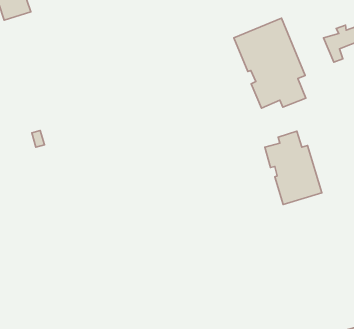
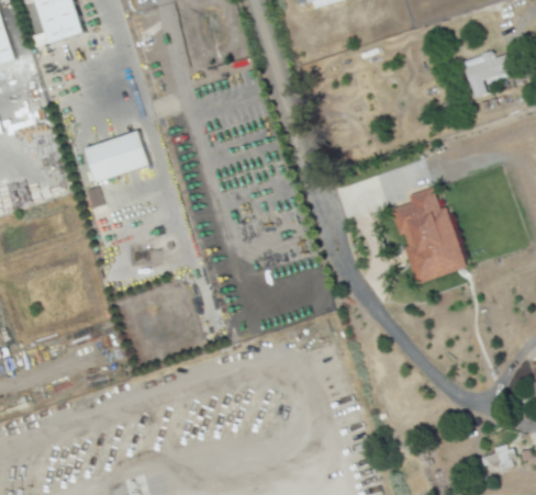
building: [234,18,306,108] -> none
building: none -> [87,130,152,182]

